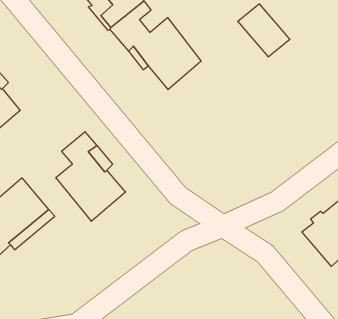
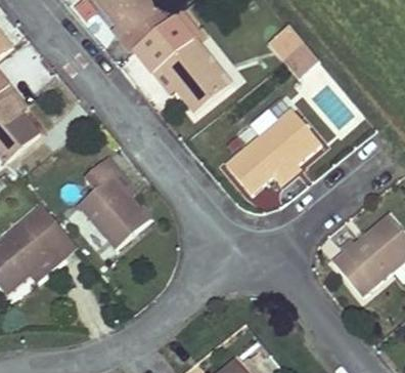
building: none -> [224,107,321,197]

